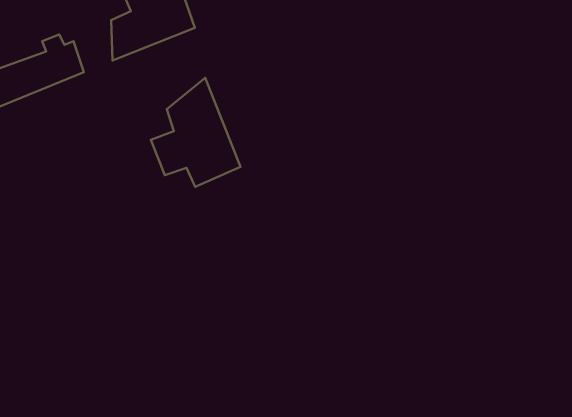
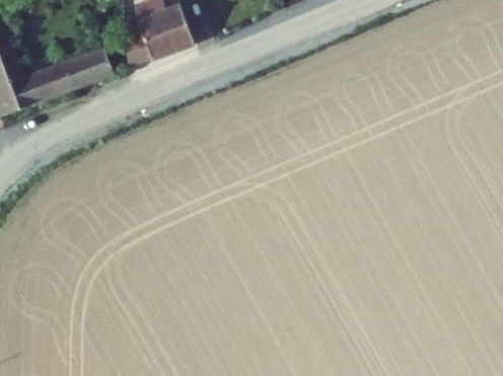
building: [151,78,240,187] -> none

